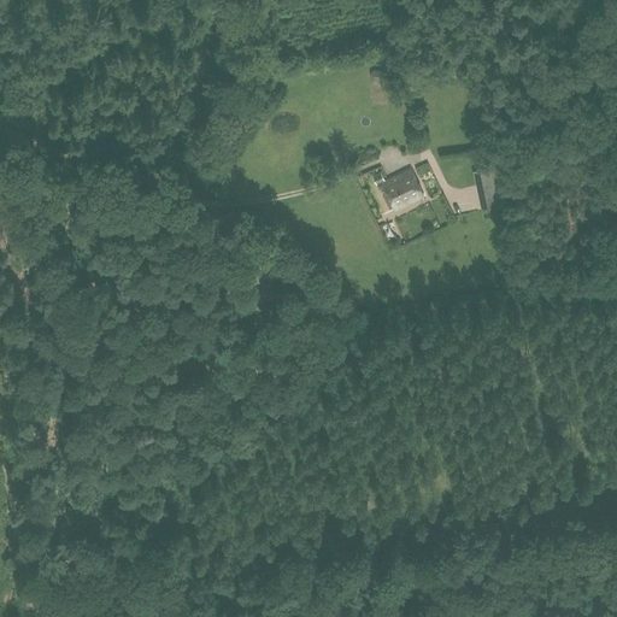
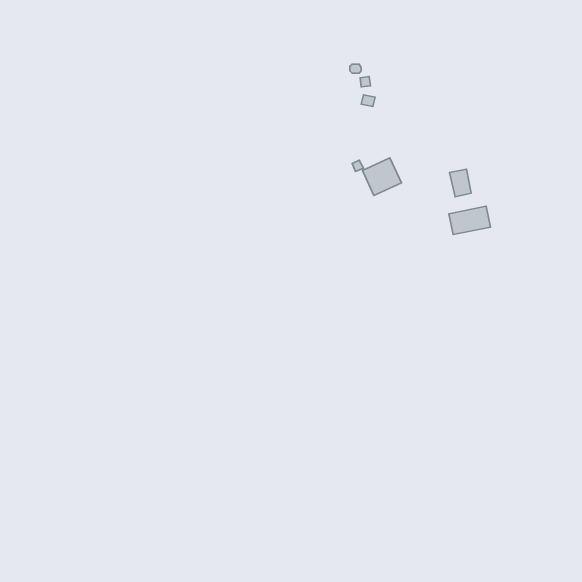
building: none -> [449,206,490,235]

